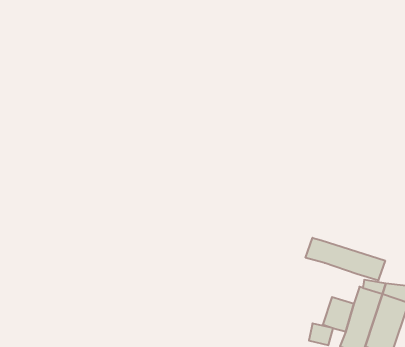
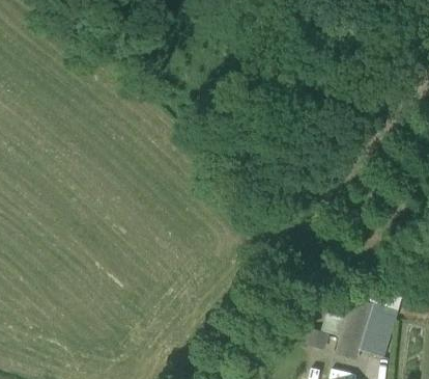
building: [306,238,385,281] -> none

